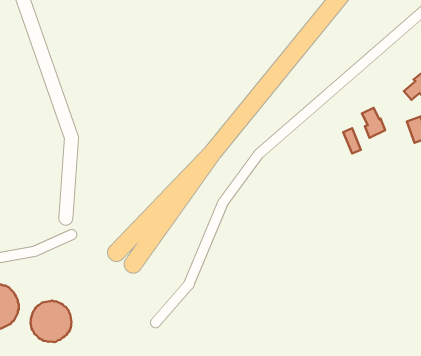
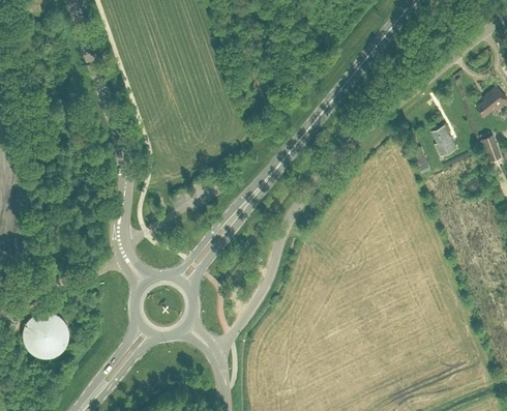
building: [30,301,72,342] -> none

